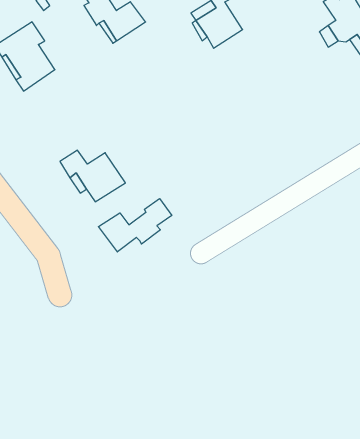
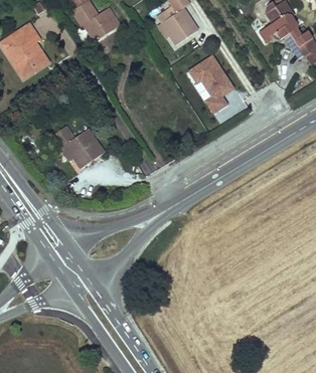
building: none -> [185,51,234,121]
building: [98,199,172,252] -> none

